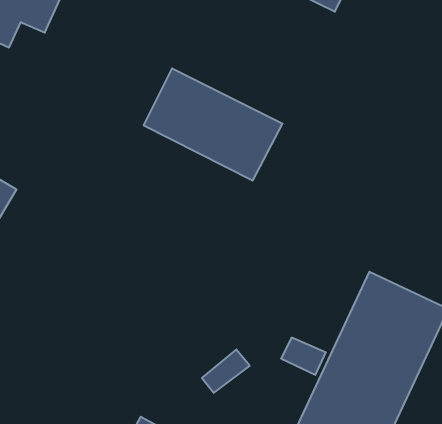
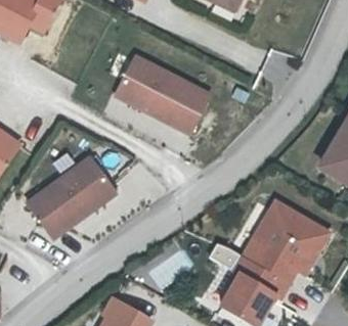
building: none -> [28,159,116,239]

